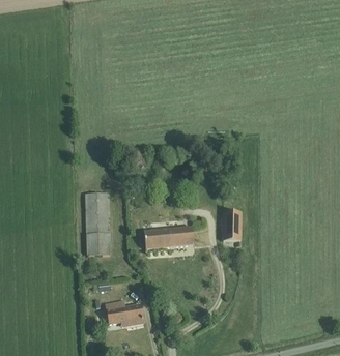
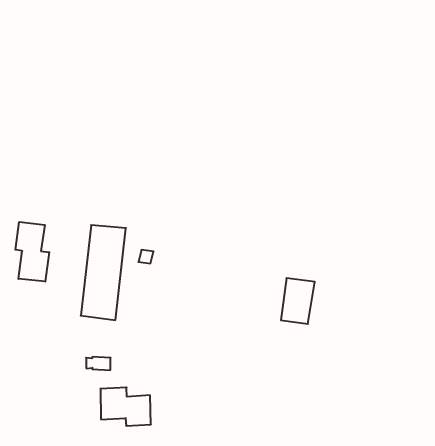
building: none -> [15,222,49,282]
building: [143,225,194,248] -> none

